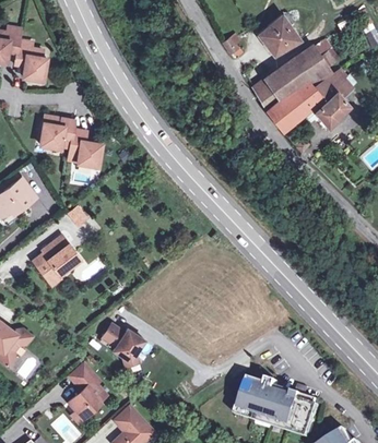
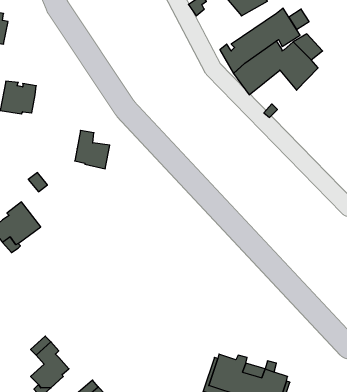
building: [68,130,102,167] -> [75,130,110,169]
building: [98,323,141,366] -> none

